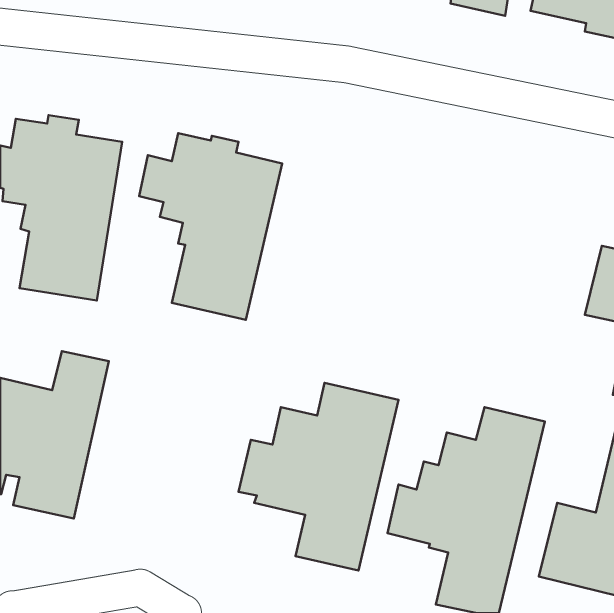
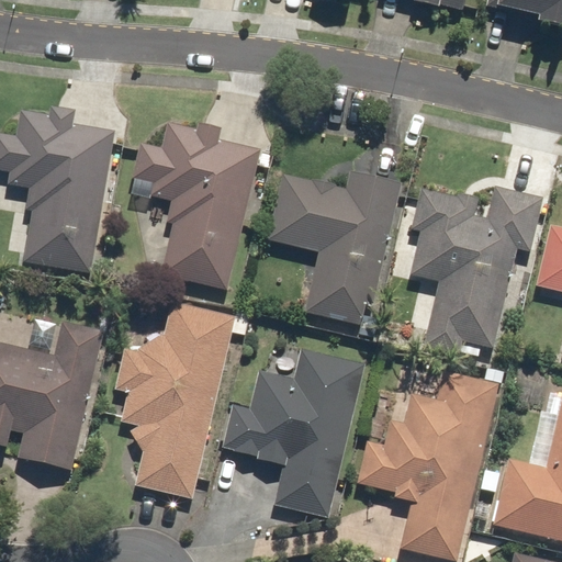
building: none -> [267,170,401,324]
building: none -> [408,184,543,355]
building: none -> [114,300,236,499]

